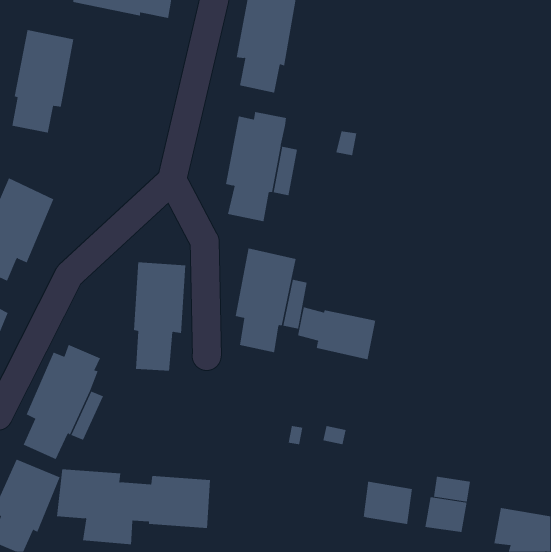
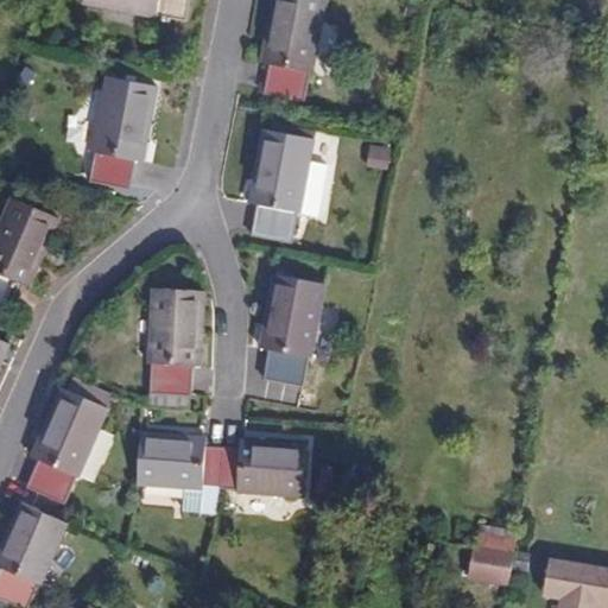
building: [12,29,74,133] -> [88,76,157,190]
building: [297,307,376,360] -> none
building: [56,469,211,545] -> [134,431,304,514]
building: [363,481,412,525] -> none

